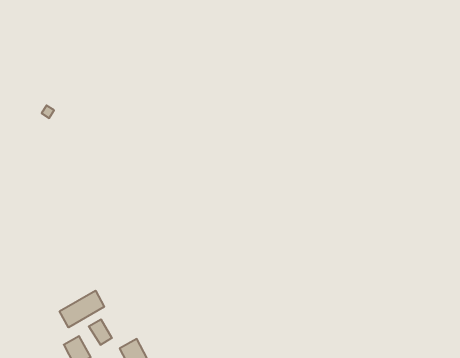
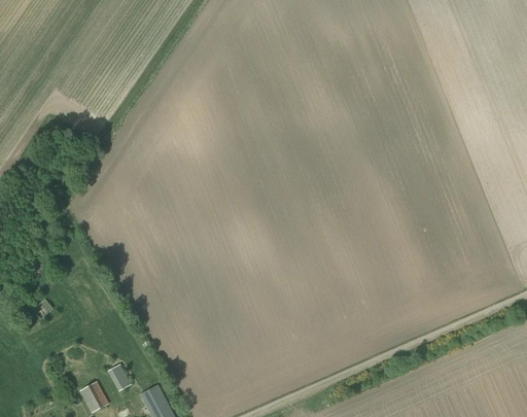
building: [60,291,104,327] -> none

